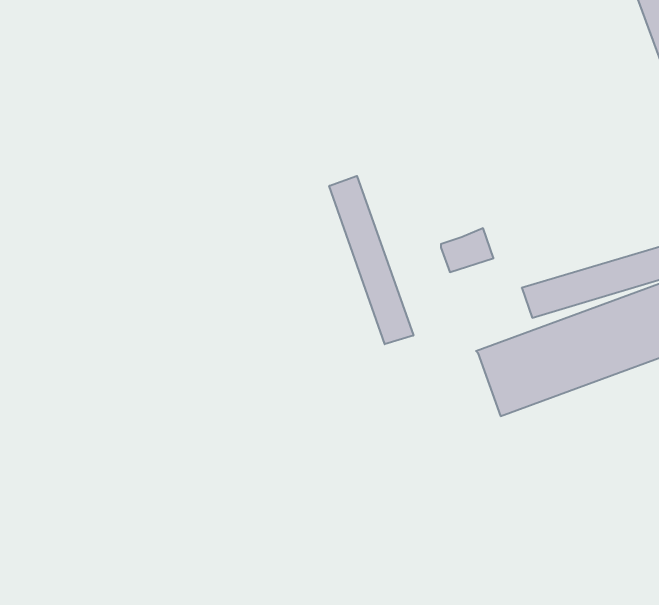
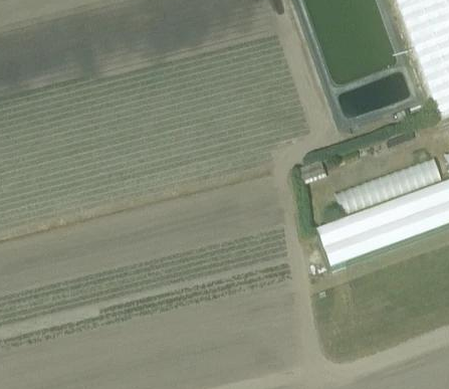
building: [329,176,413,344] -> none

